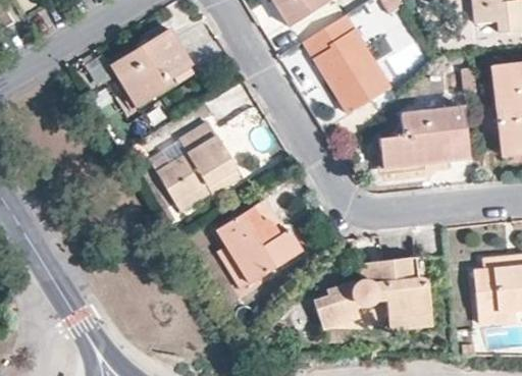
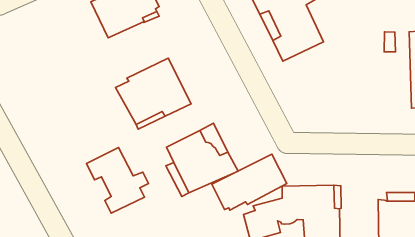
building: [380,107,471,167] -> none
building: none -> [212,154,287,210]
building: none -> [86,147,148,213]

